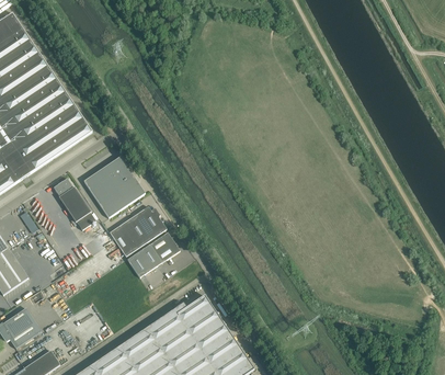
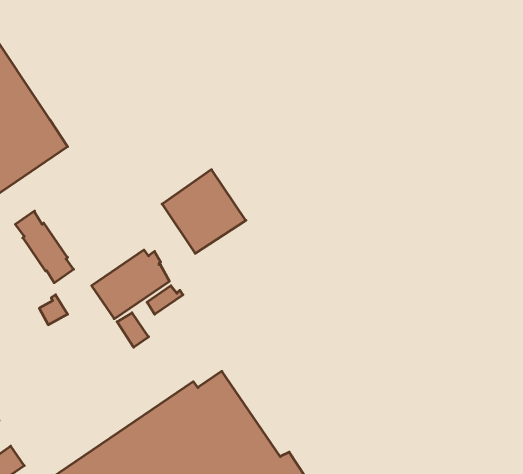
building: [83,156,145,217] -> [162,170,246,253]
building: [138,239,180,270] -> none

